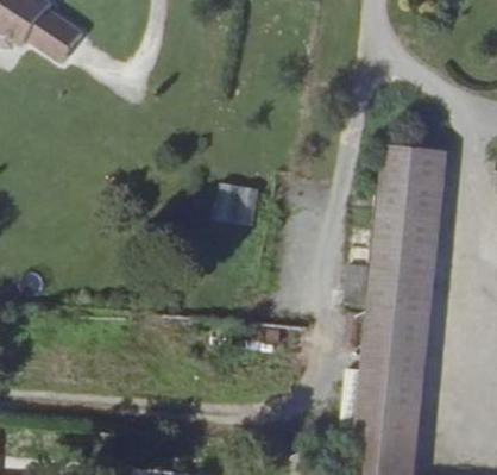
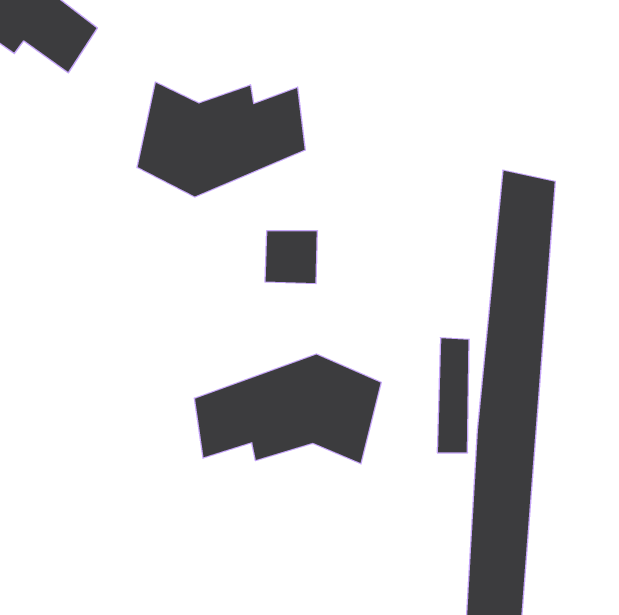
building: none -> [137,82,305,197]
building: none -> [194,354,381,464]

